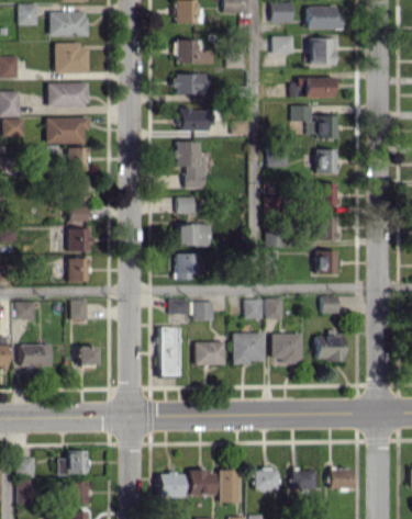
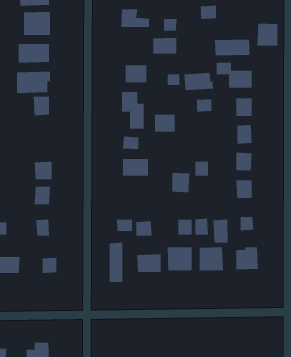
building: [310,37,336,66] -> [257,23,278,46]
building: [175,72,205,93] -> [152,37,177,54]
building: none -> [184,72,214,91]
building: none -> [155,114,175,132]
building: [71,177,89,221] -> none
building: [176,252,199,278] -> [171,172,190,193]
building: none -> [213,219,228,244]

